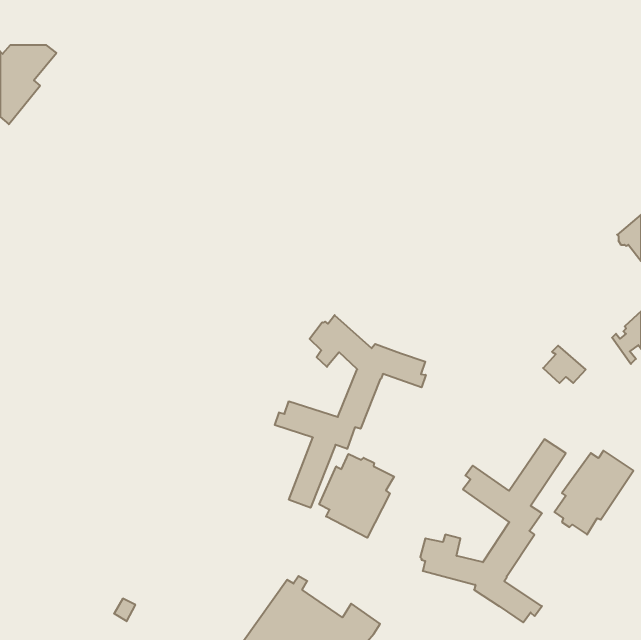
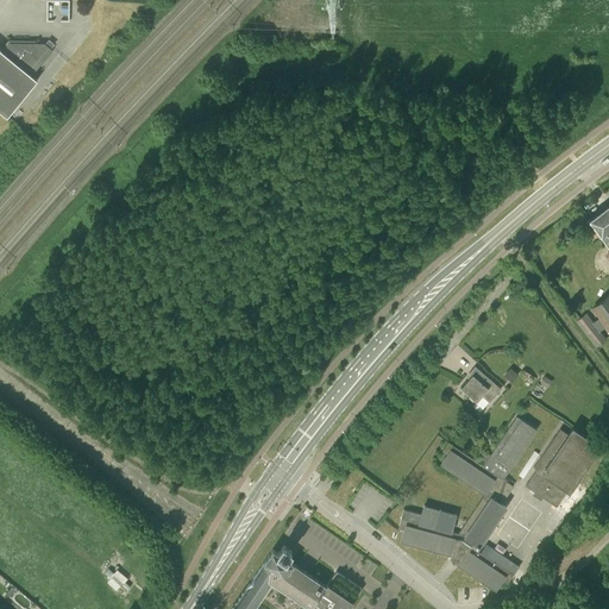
building: [275,315,426,508] -> none
building: [543,346,586,383] -> [460,368,501,403]
building: [319,454,394,538] -> none

